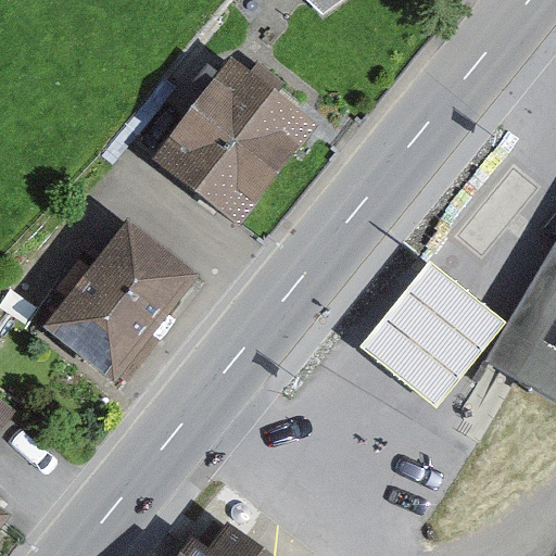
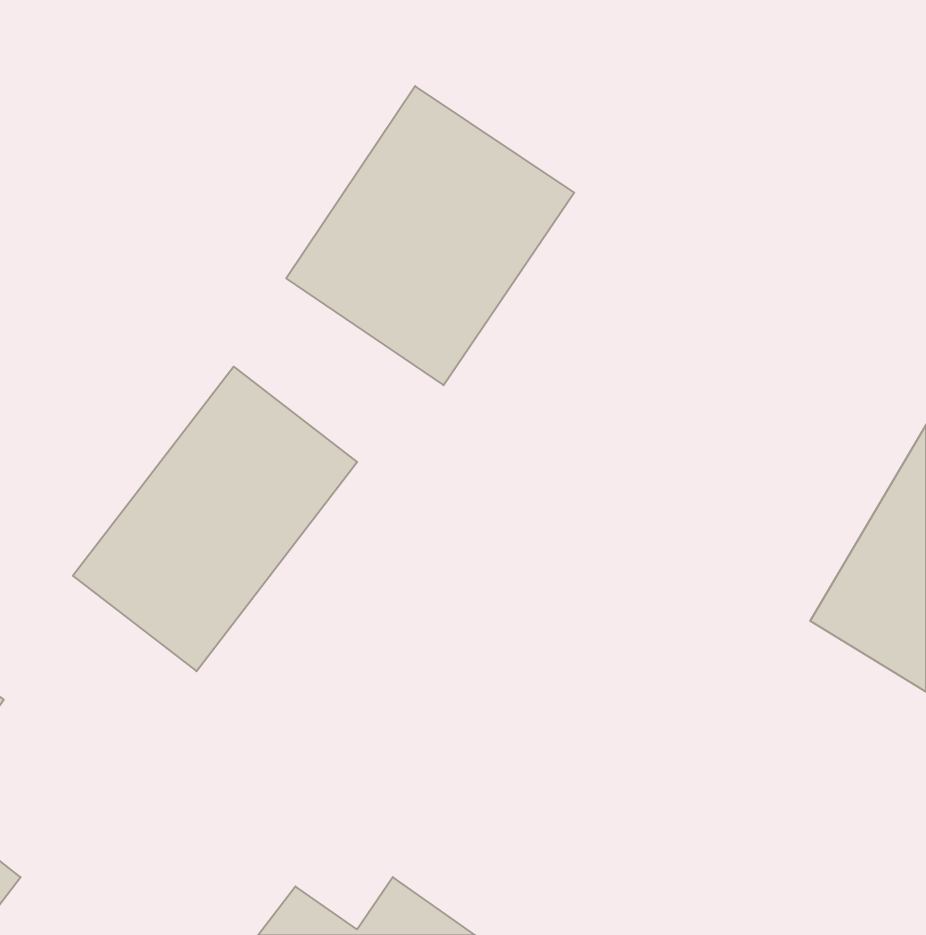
building: [344,251,489,397] -> none

